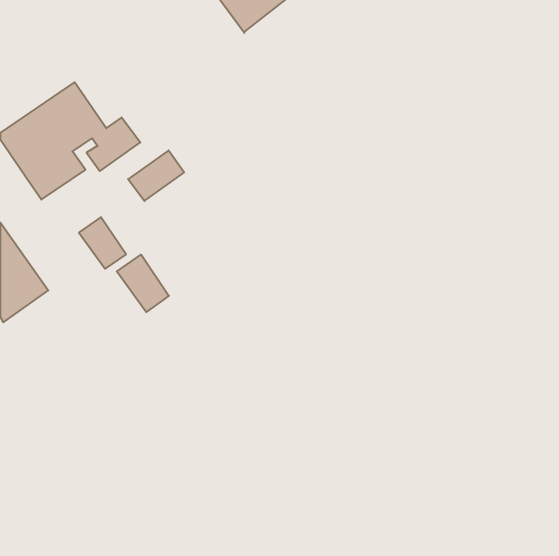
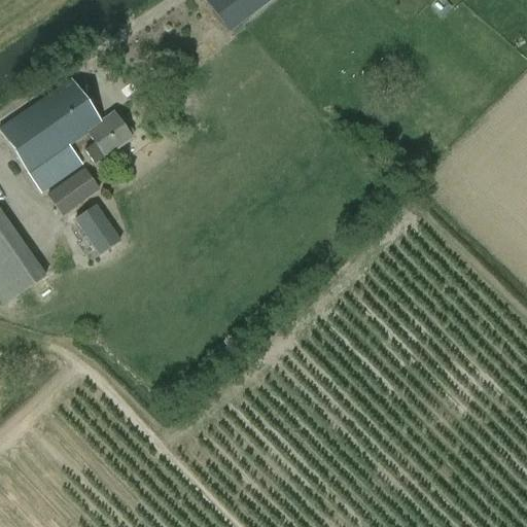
building: [128,150,184,201] -> [46,166,99,213]
building: [117,255,169,312] -> none

